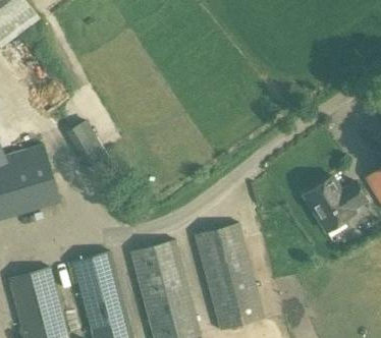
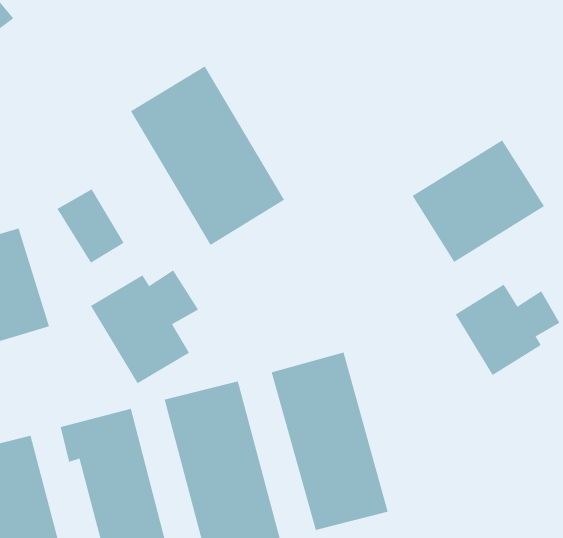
building: none -> [130,65,285,246]
building: none -> [412,139,545,263]
building: none -> [90,269,199,384]

